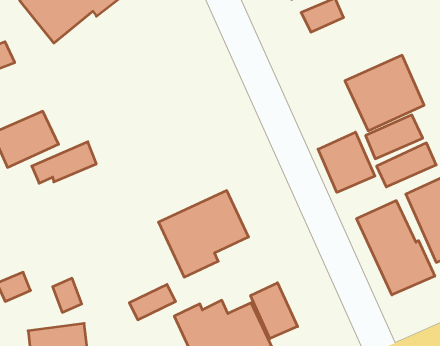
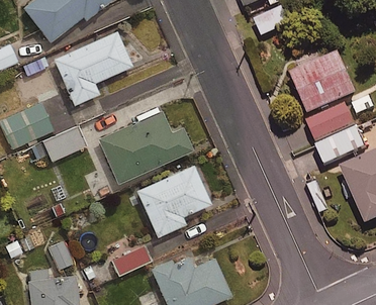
building: none -> [53,31,132,106]
building: none -> [98,110,193,184]
building: [318,132,375,192] -> none
building: [357,201,435,295] -> none
building: [251,283,298,339] -> none

